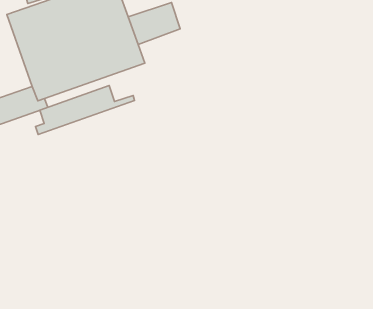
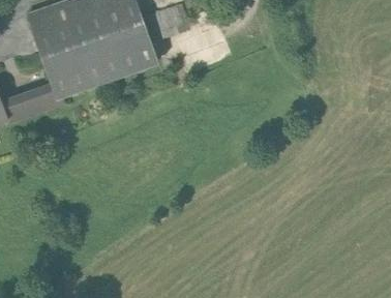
building: [36,86,135,135] -> none

